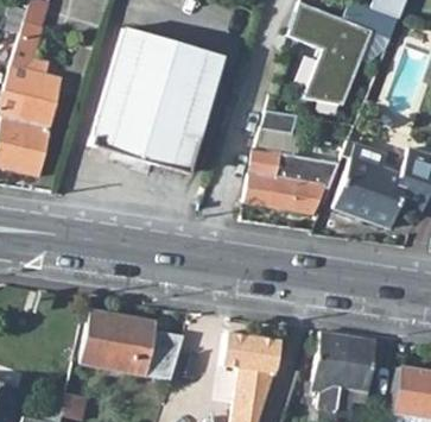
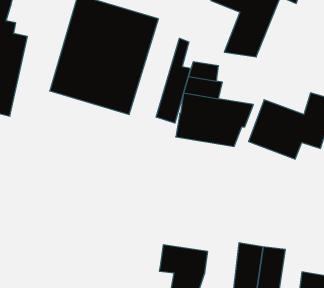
building: none -> [156,38,191,123]
building: [80,310,183,380] -> none

